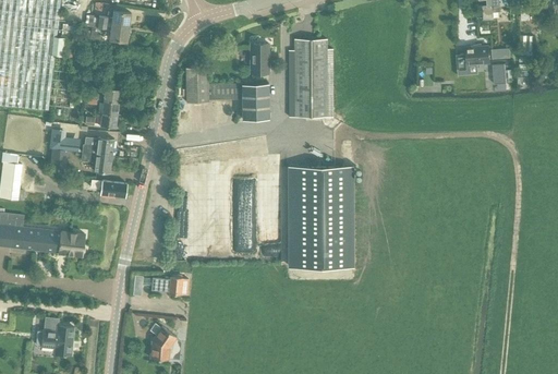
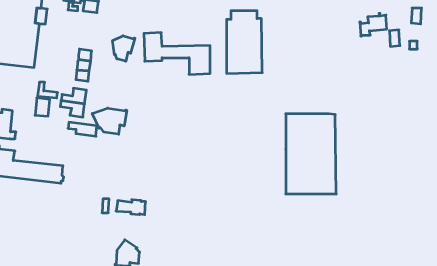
building: [250,43,268,72] -> none
building: none -> [113,36,135,61]
building: none -> [92,108,127,134]
building: [289,166,352,266] -> [286,114,336,194]
building: [36,317,73,354] -> none

